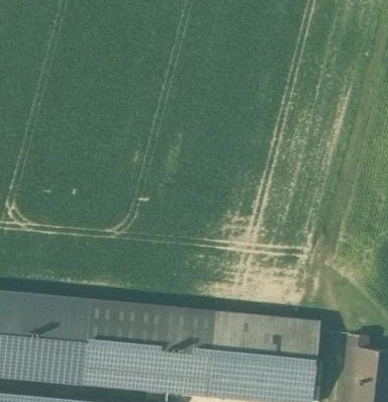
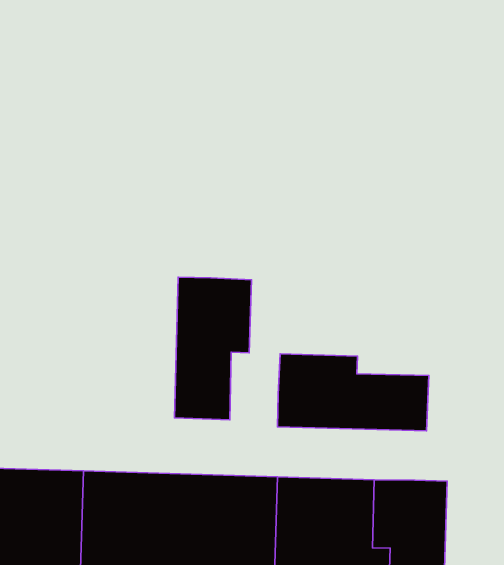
building: none -> [174,277,251,420]
building: none -> [277,354,429,431]

